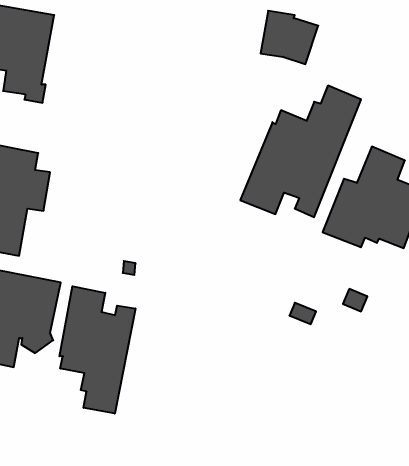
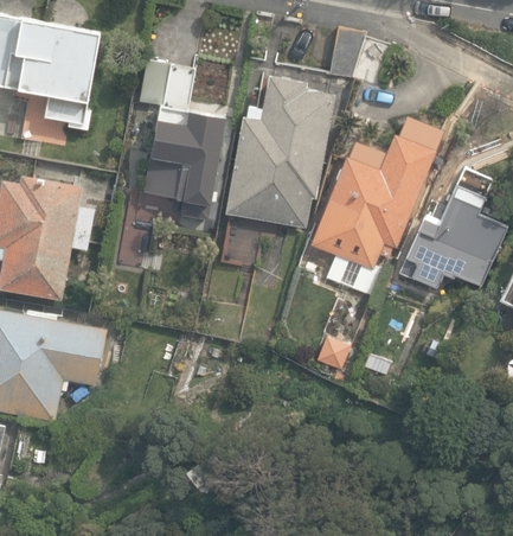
building: none -> [137,60,226,222]
building: none -> [227,77,335,229]
building: [59,286,135,414] -> none

